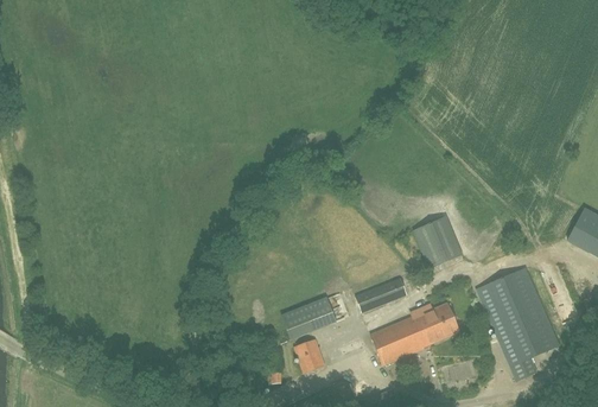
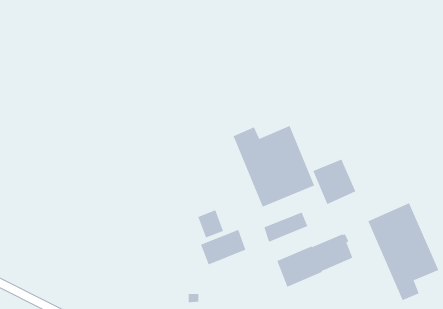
building: none -> [233,125,315,207]
building: [293,338,324,371] -> [197,210,224,238]

